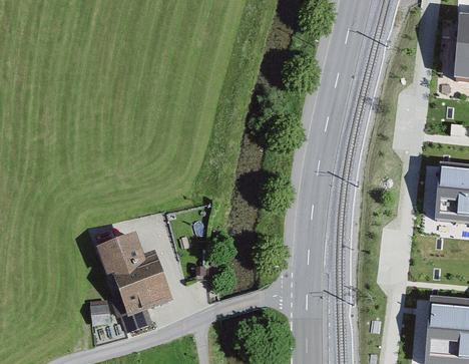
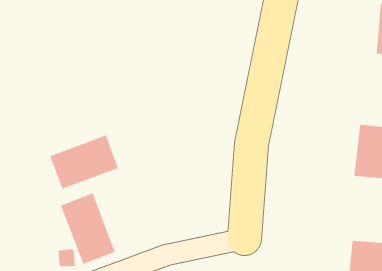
building: none -> [49,134,118,189]

